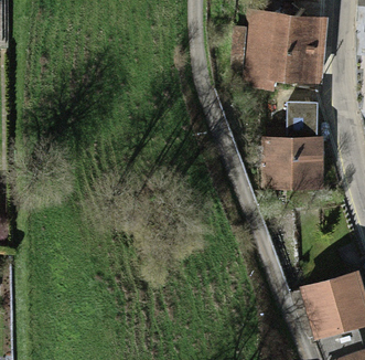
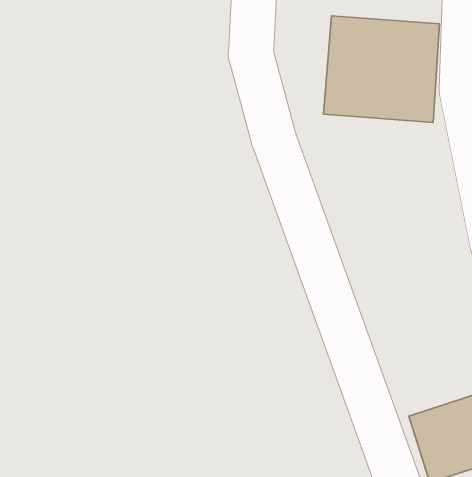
building: [262,102,320,190] -> none

